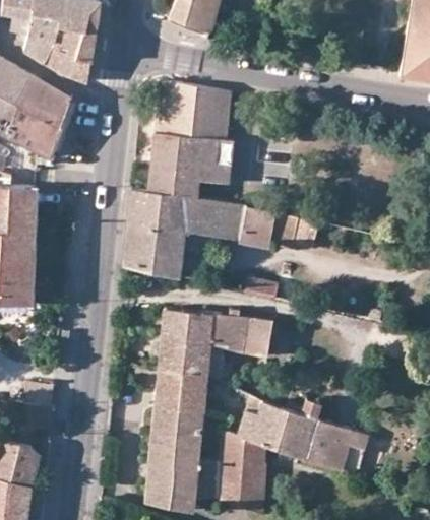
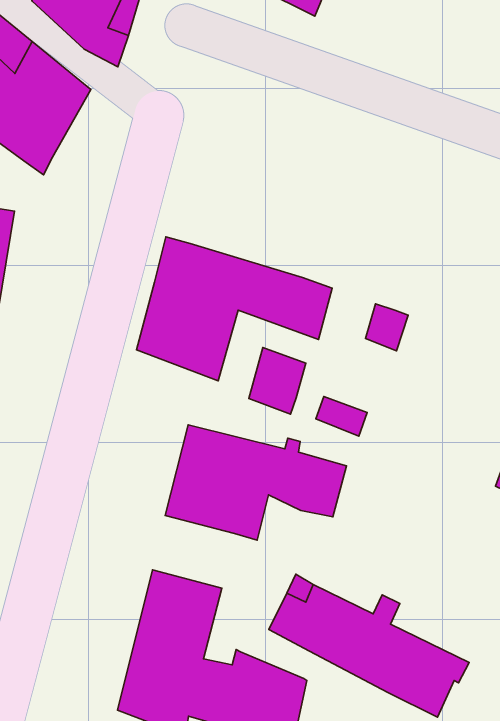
building: [149,83,236,202] -> none
building: [242,206,275,247] -> [249,347,306,414]
building: [157,370,206,411] -> none
building: [222,430,266,462] -> none

